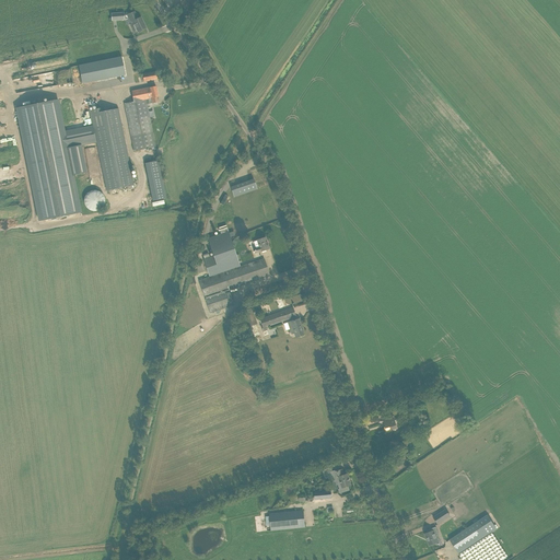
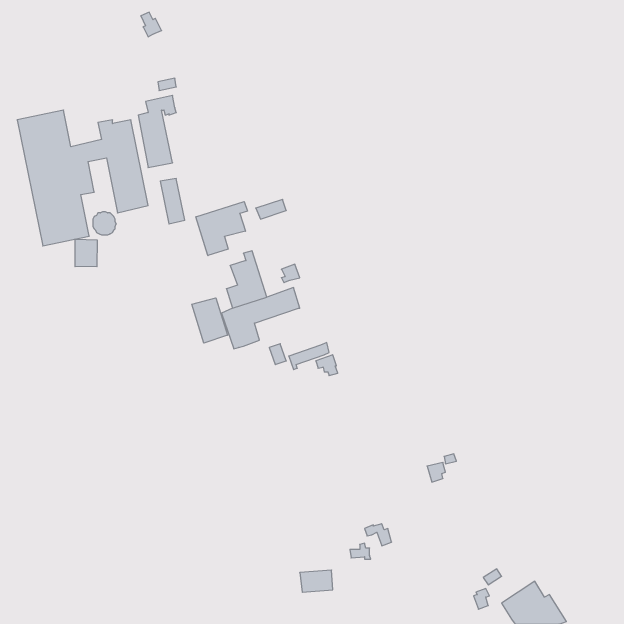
building: [77,56,125,82] -> none
building: none -> [196,202,247,256]
building: none -> [75,239,97,267]
building: none -> [192,298,227,343]

